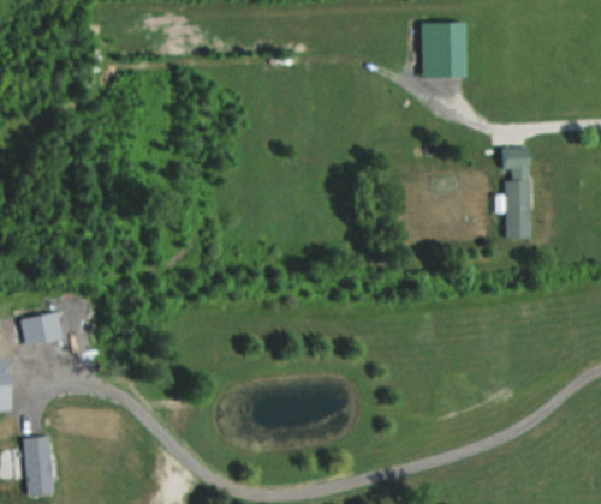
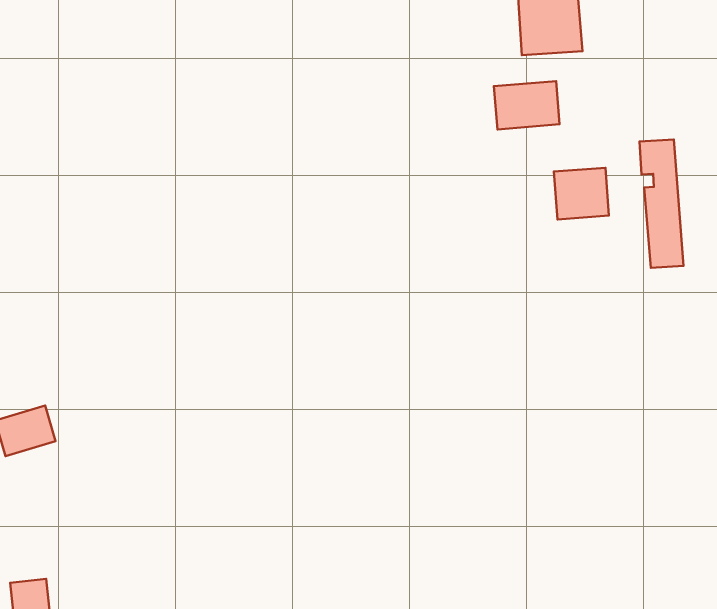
building: none -> [494,81,560,129]
building: none -> [554,168,609,220]

